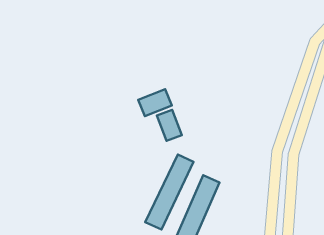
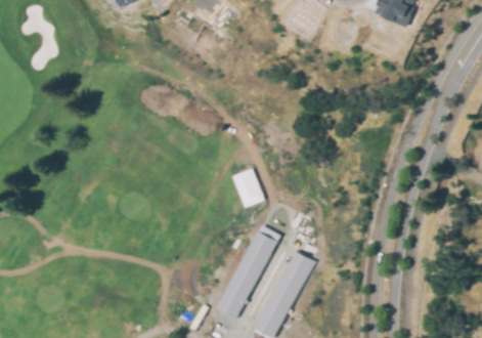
building: [138,89,172,116] -> none

